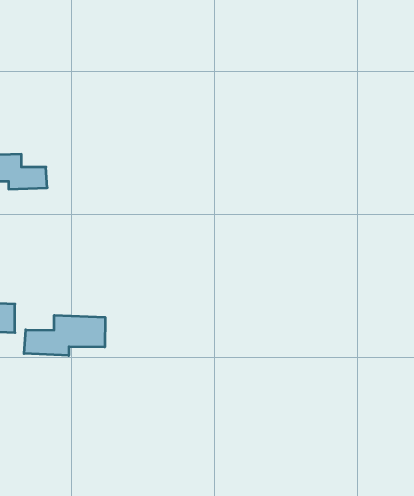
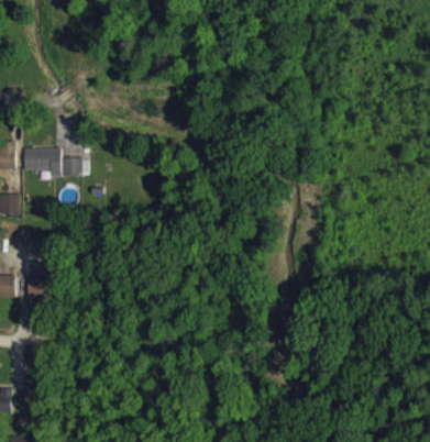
building: [24,315,105,356] -> none

